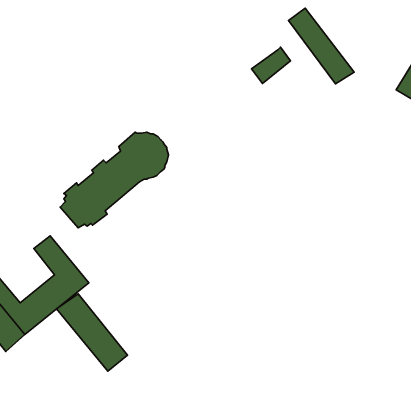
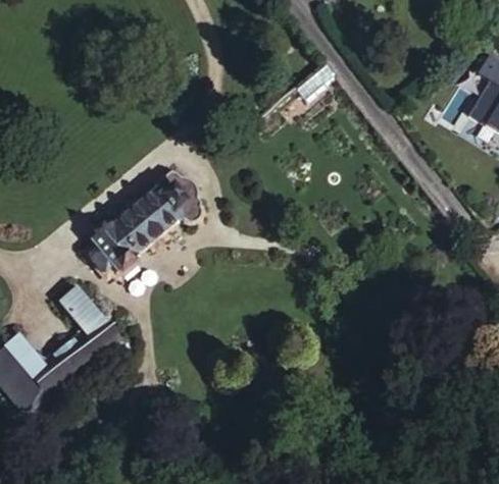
building: [289,8,354,84] -> none
building: [57,294,127,371] -> none

